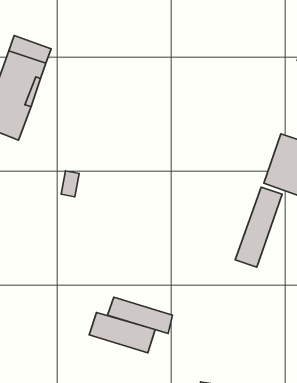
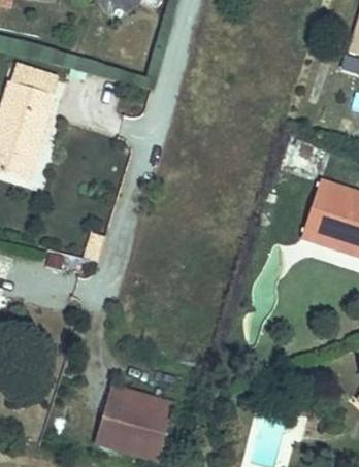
building: [235,187,282,267] -> none
building: [107,297,173,333] -> [96,410,170,452]

